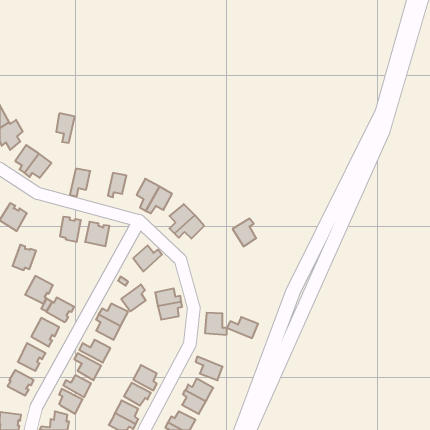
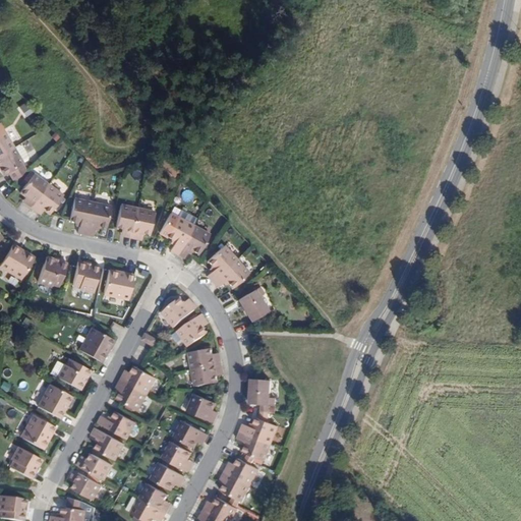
building: [56,113,75,143] -> [69,199,92,235]
building: none -> [114,205,136,236]
building: [233,219,256,246] -> [237,286,266,320]
building: [12,245,36,270] -> [37,256,65,287]
building: [25,276,53,304] -> [78,328,112,361]
building: [121,284,146,311] -> [176,313,206,346]
building: [227,317,258,338] -> [238,417,276,443]
building: none -> [186,394,216,422]
building: none -> [172,420,206,448]

